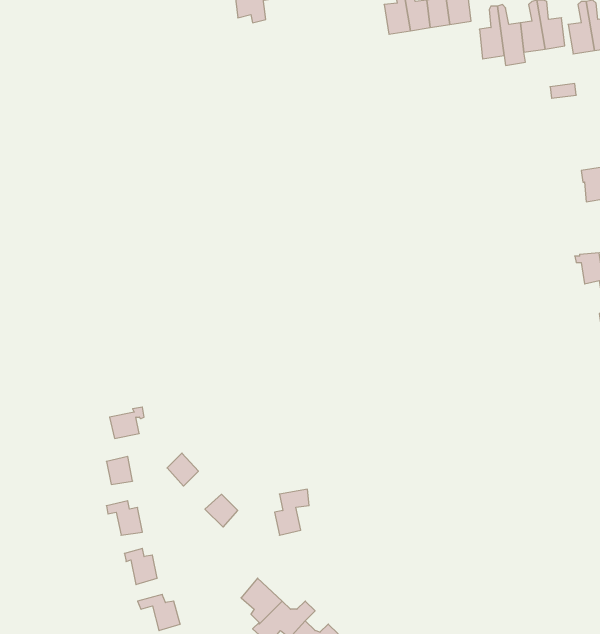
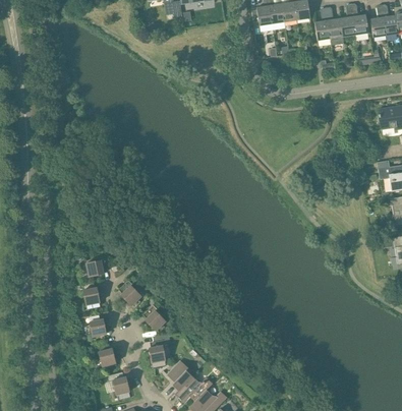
building: [275,489,309,535] -> [149,334,170,362]

